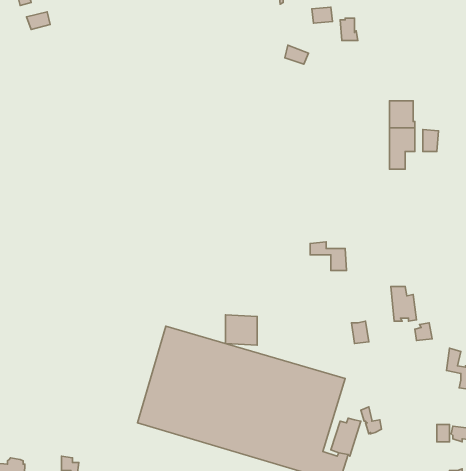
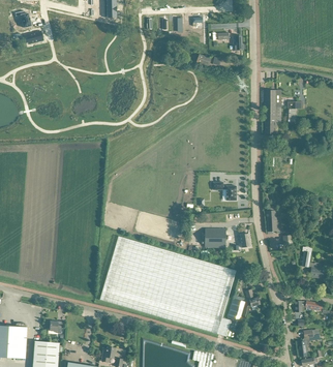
building: [226,315,257,345] -> [205,228,225,248]

